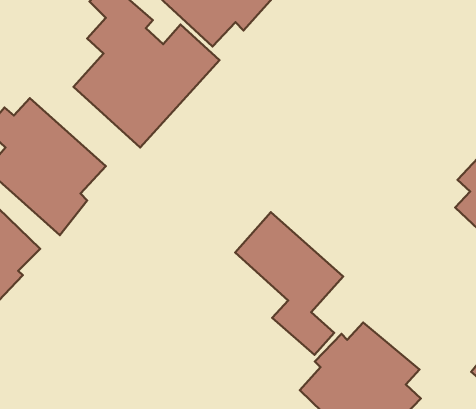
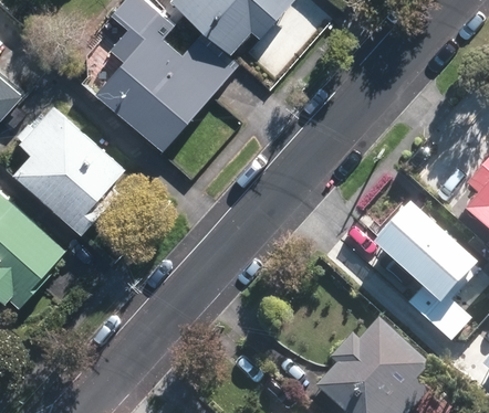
building: [235,212,343,355] -> [370,203,474,340]

